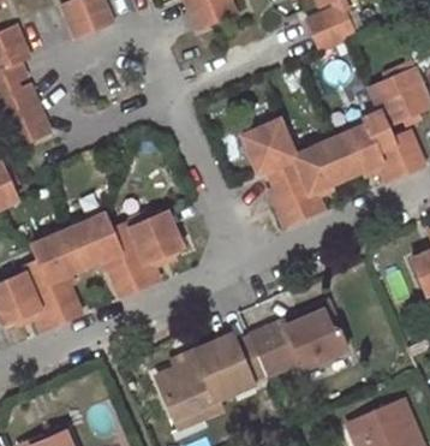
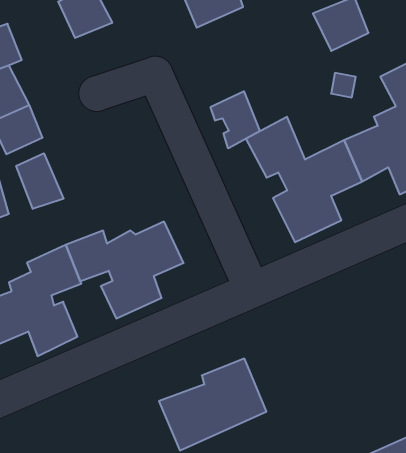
building: none -> [211,91,260,148]
building: none -> [16,153,64,209]
building: [256,302,353,377] -> none

